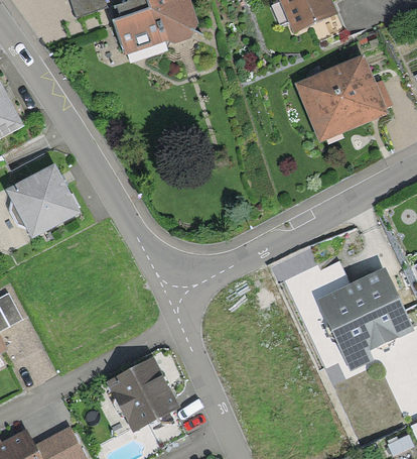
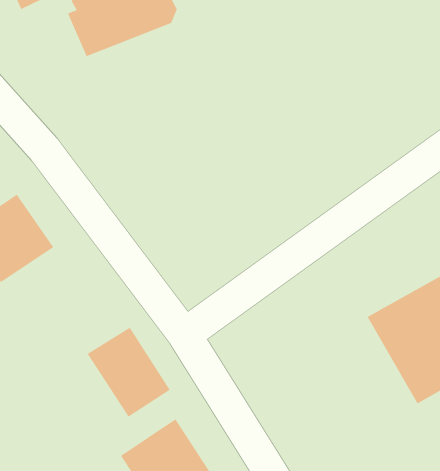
building: [304,69,382,144] -> none
building: none -> [87,327,170,417]

